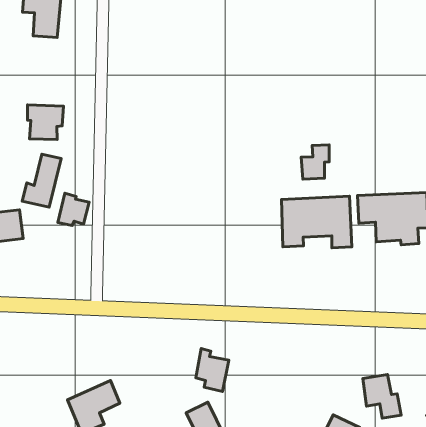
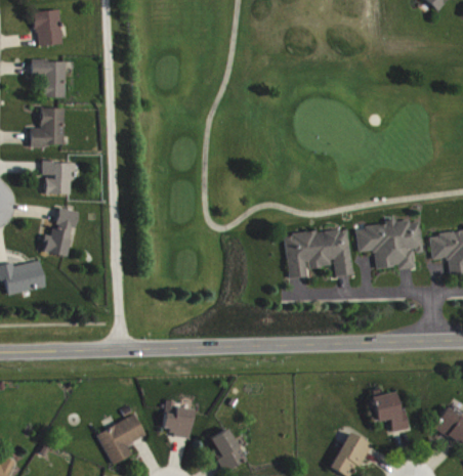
building: none -> [30,107,65,145]
building: [301,145,329,179] -> none
building: [58,193,89,226] -> none
building: [196,348,229,392] -> [163,399,193,438]

